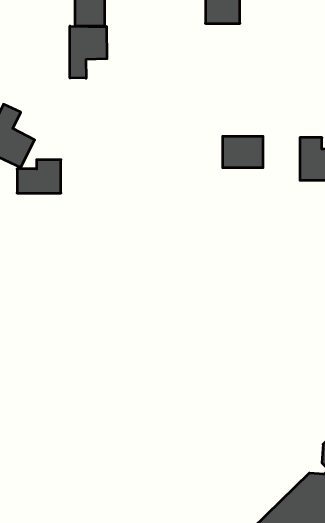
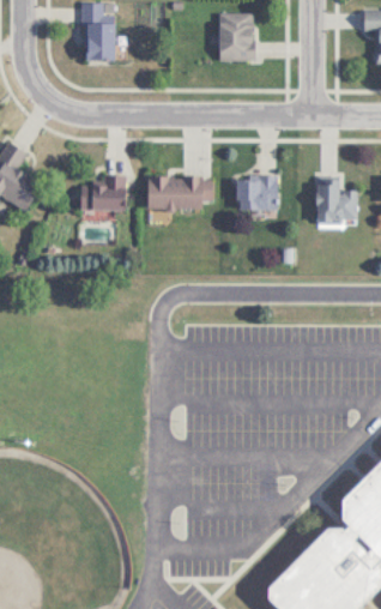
building: [70,26,107,78] -> none
building: none -> [146,179,212,211]
building: [17,160,61,193] -> [80,176,126,211]

